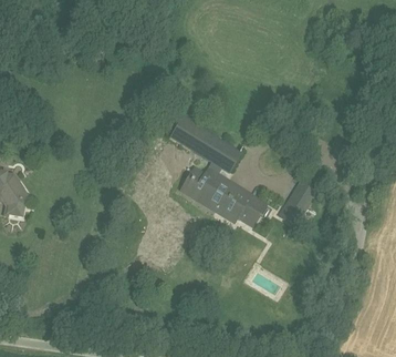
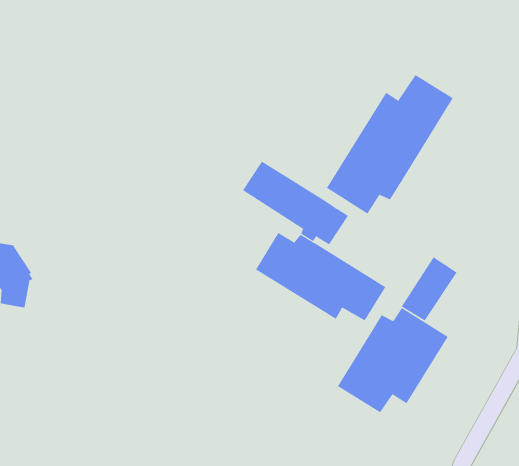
building: none -> [326,74,454,214]
building: none -> [337,307,448,413]

